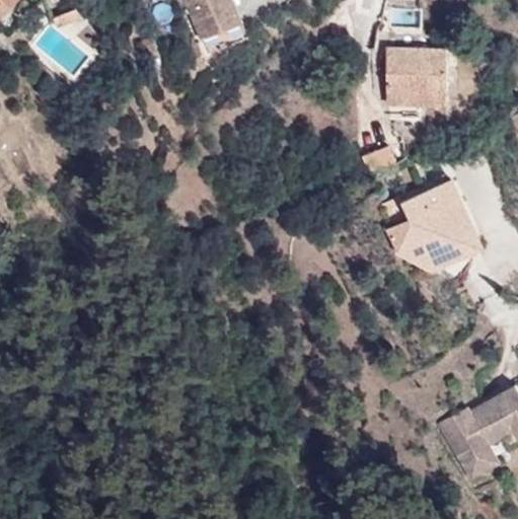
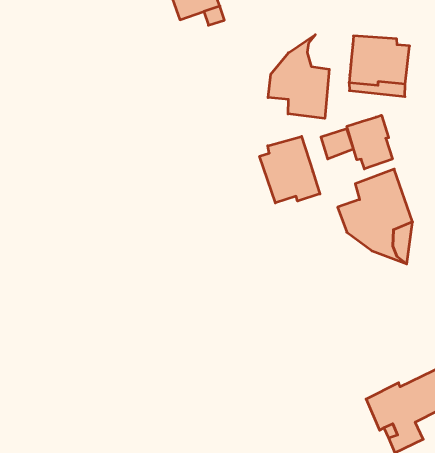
building: none -> [268,35,329,118]
building: none -> [347,115,392,169]
building: none -> [260,136,320,203]

